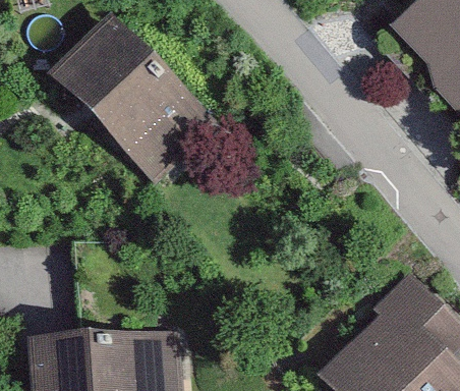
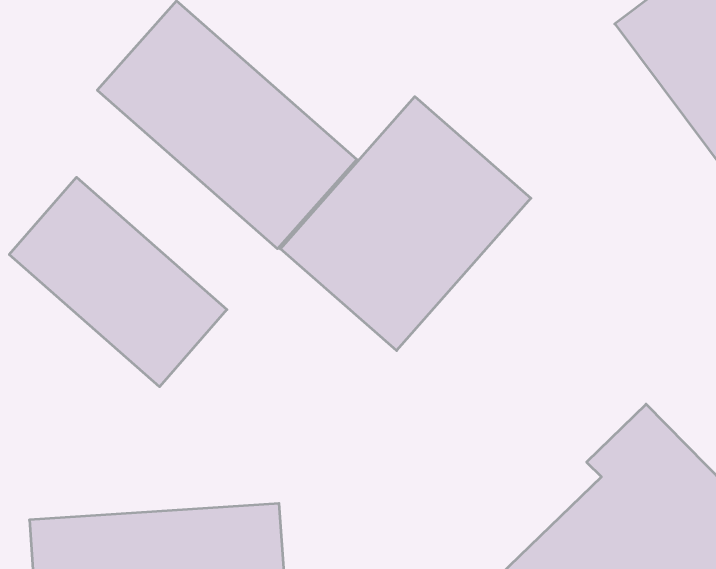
building: none -> [280,97,531,351]
building: none -> [9,177,227,387]

